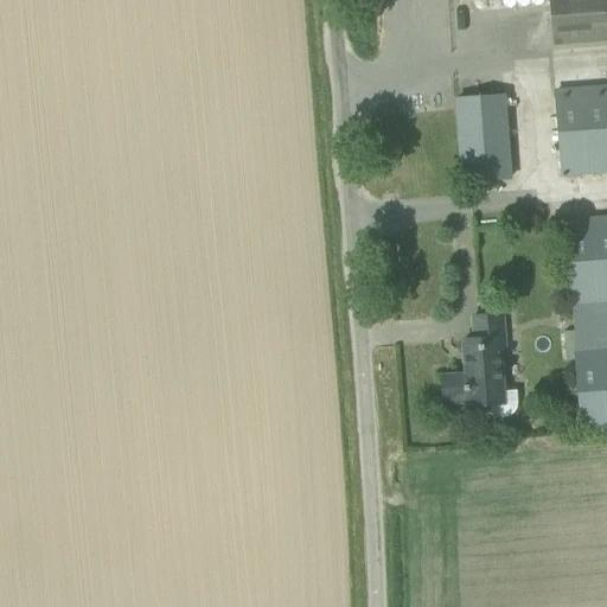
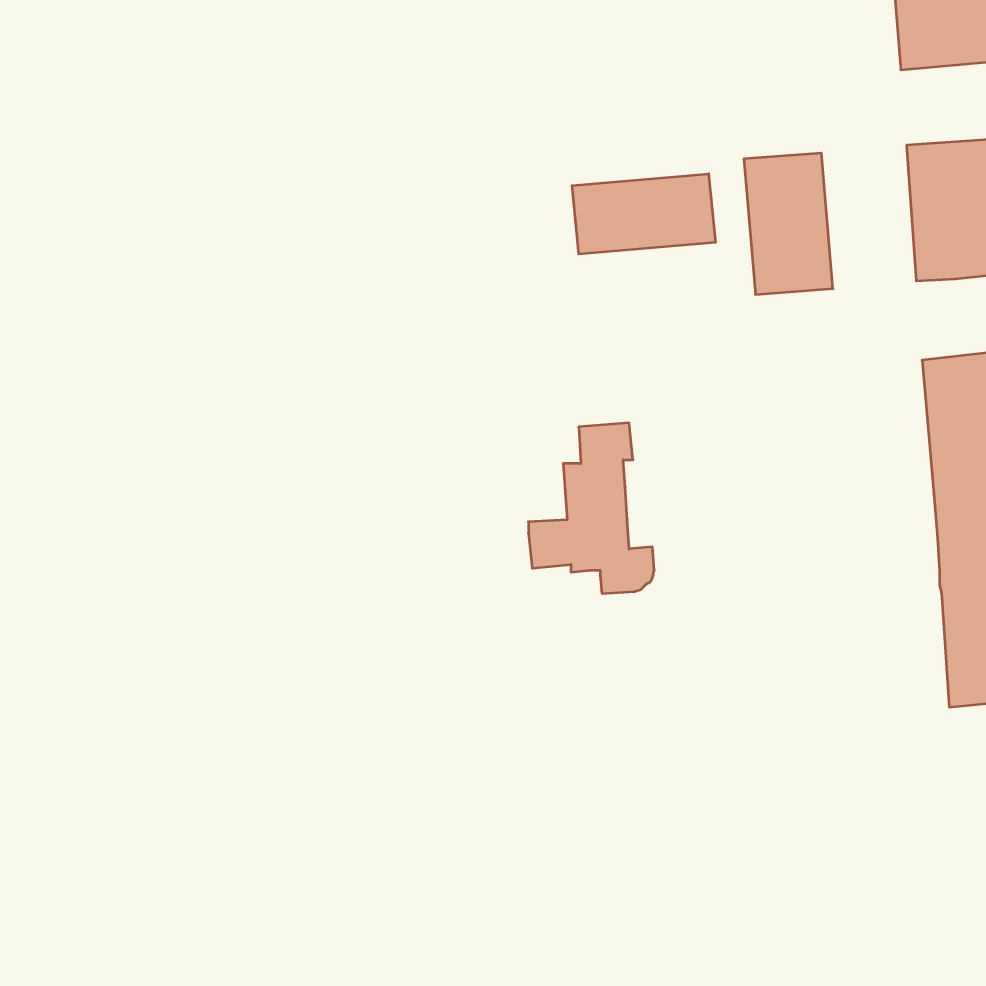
building: none -> [572,174,715,254]
building: [443,313,520,417] -> [528,423,654,593]

